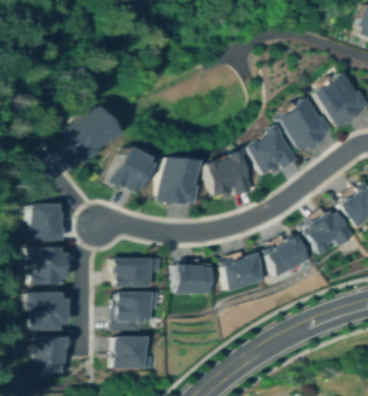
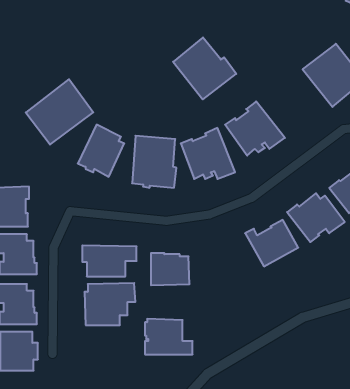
building: [276,97,334,154] -> [173,37,236,99]
building: [220,252,264,292] -> none
building: [113,336,157,368] -> [145,319,193,354]

